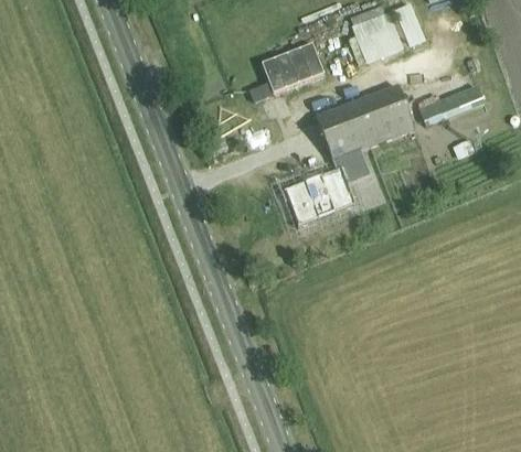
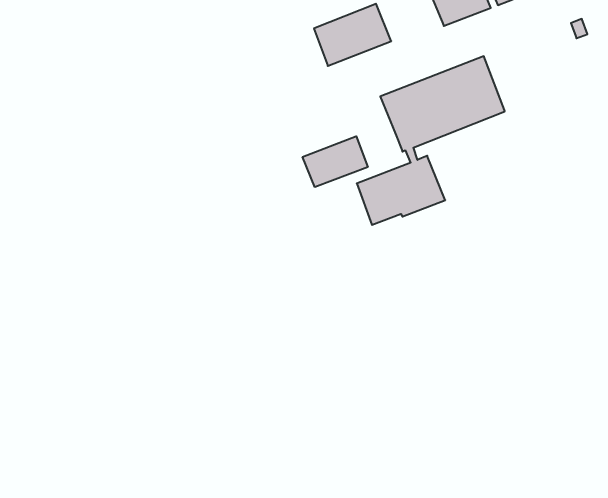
building: [418,84,483,125] -> none
building: none -> [303,136,368,187]

